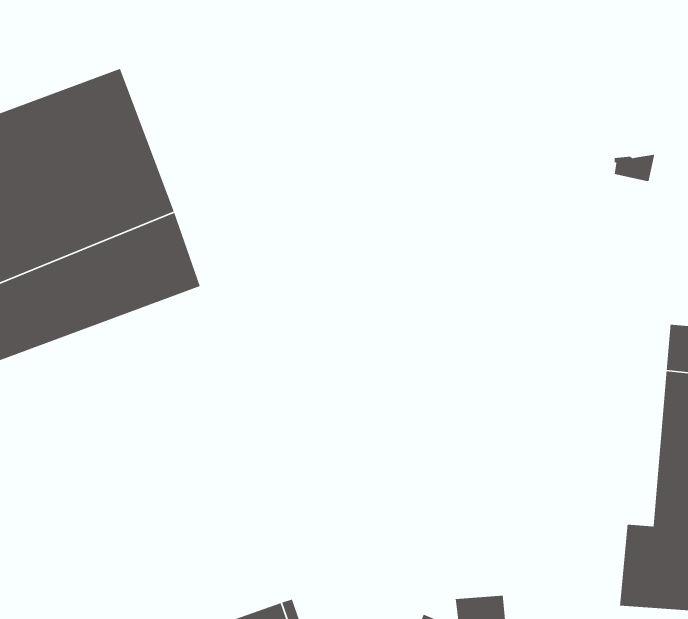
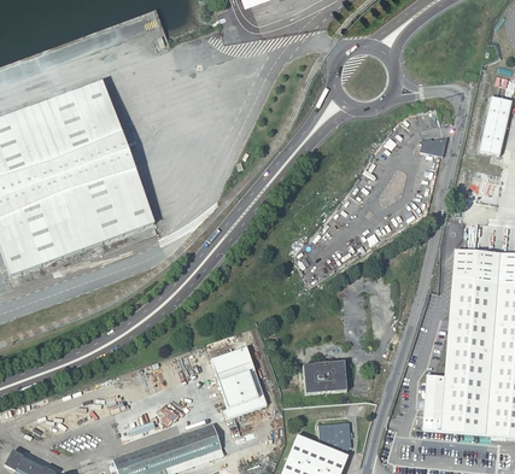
building: none -> [210,346,265,419]
building: none -> [302,361,345,393]

